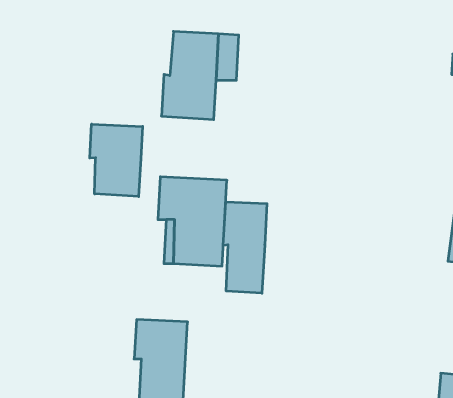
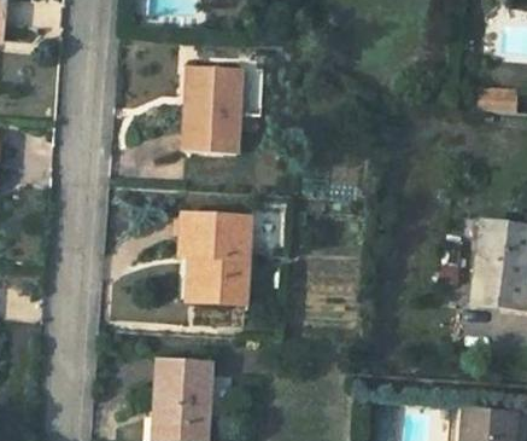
building: [90,124,143,197] -> none
building: [223,202,267,293] -> none

